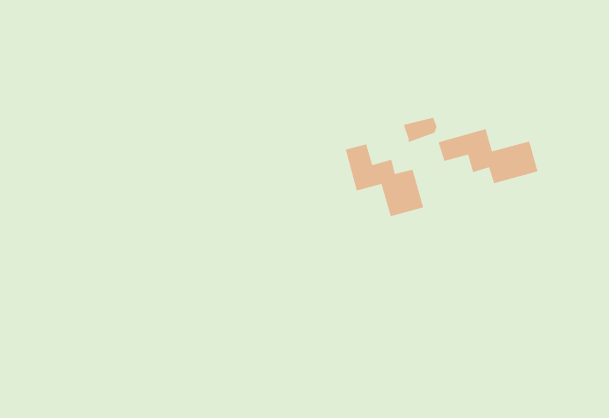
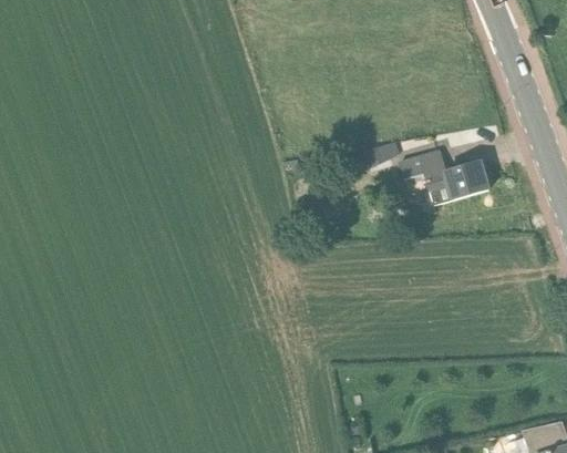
building: [345,144,424,217] -> none

